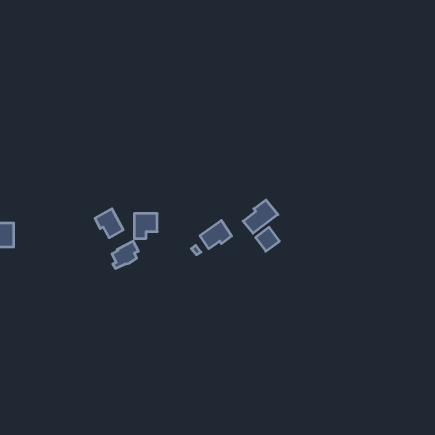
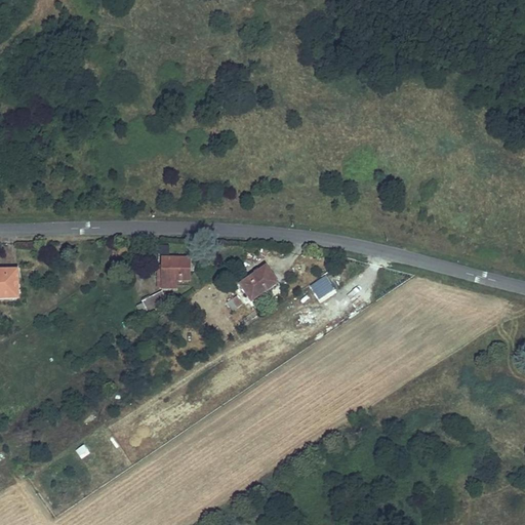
building: [243,200,278,233] -> none
building: [95,209,123,238] -> none

